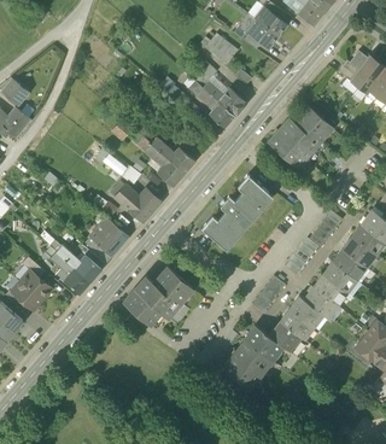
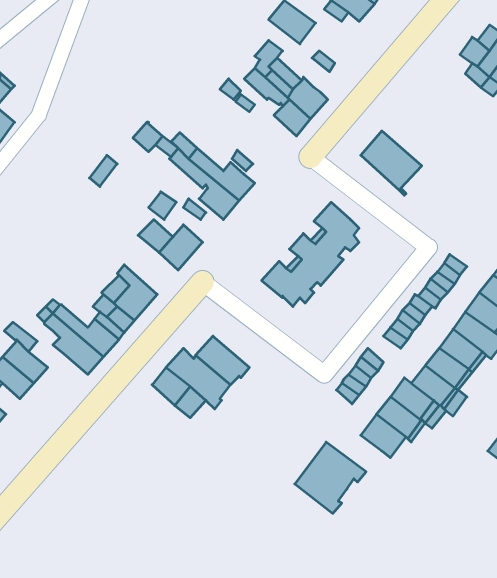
building: [283,105,332,148] -> none
building: [245,326,283,361] -> none

